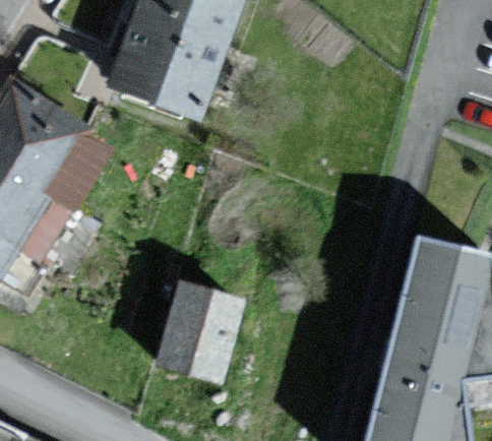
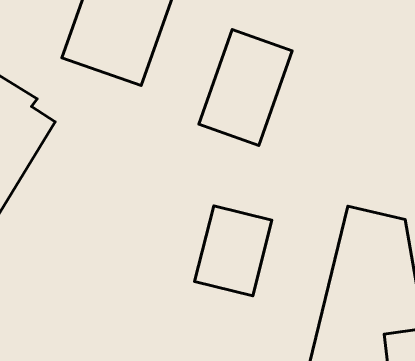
building: none -> [199,29,292,146]
building: [160,284,242,379] -> [195,206,272,296]

